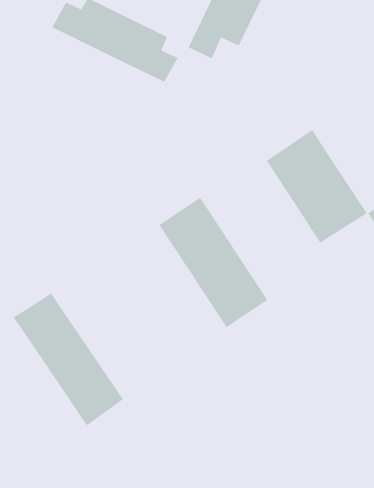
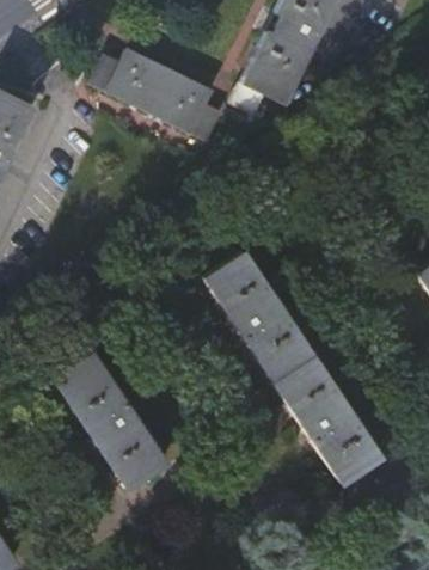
building: [266,129,367,243] -> none
building: none -> [274,361,388,496]

